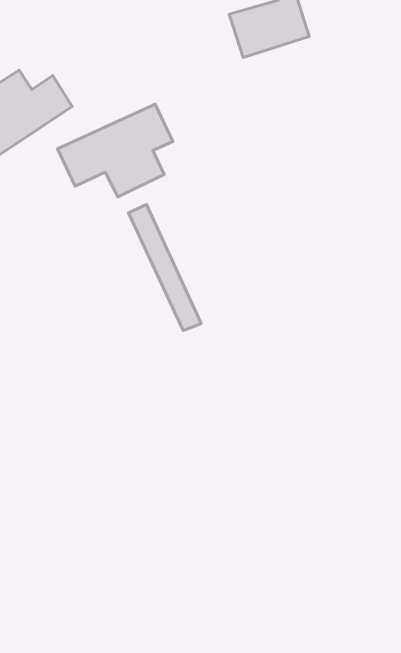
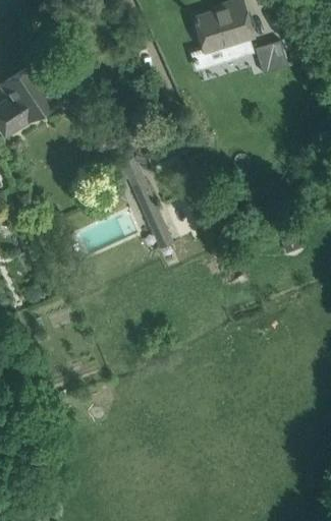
building: none -> [255,42,287,74]
building: [57,104,173,197] -> none

